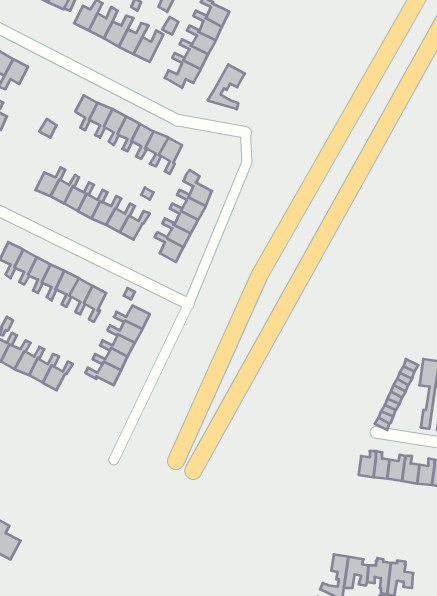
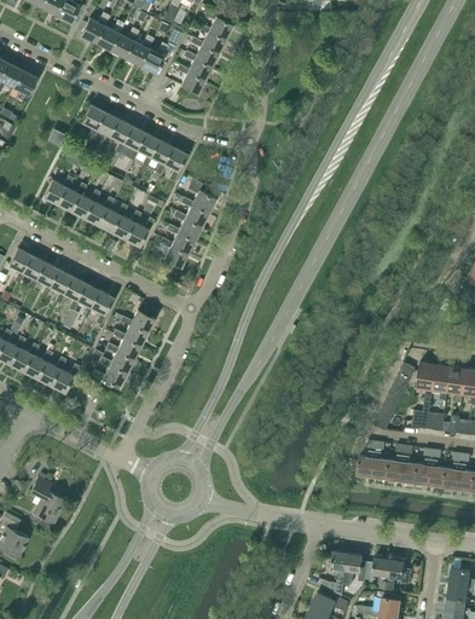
building: [208,64,245,109] -> none
building: none -> [30,476,65,522]

